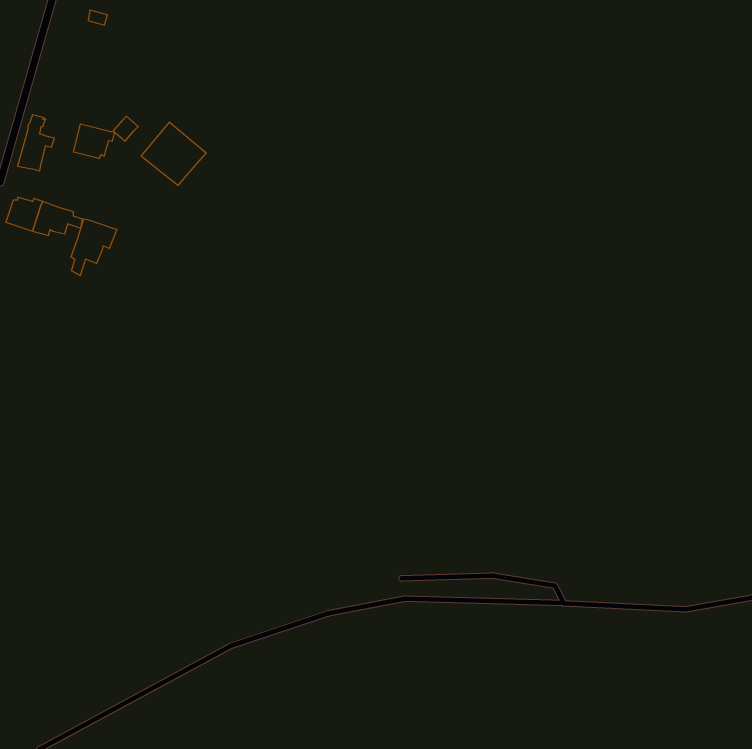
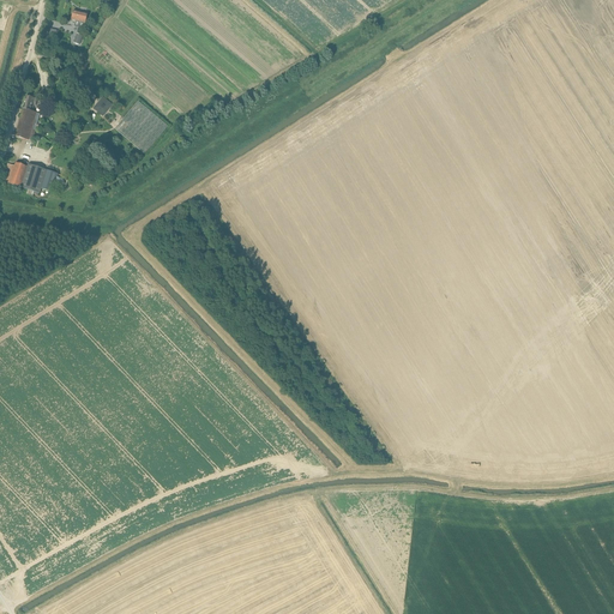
building: [74,124,114,158] -> none
building: [71,219,117,276] -> none

